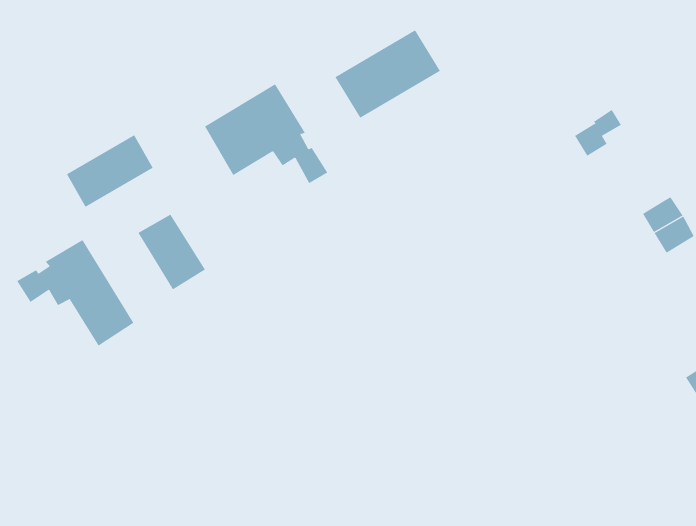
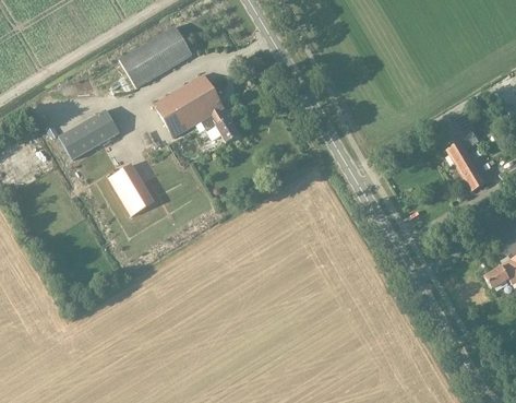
building: [335,30,441,119] -> [119,26,192,87]
building: [574,109,622,157] -> [446,131,479,164]
building: [17,239,134,346] -> none

